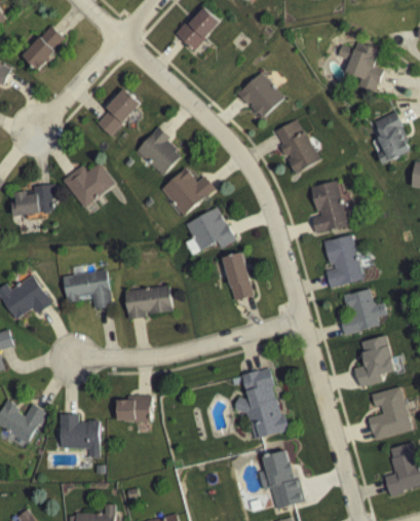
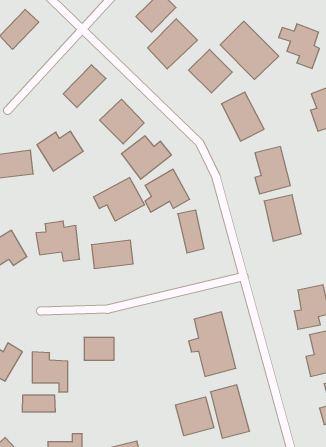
building: none -> [148,19,197,69]
building: none -> [220,21,279,79]
building: none -> [94,177,145,221]
building: [340,289,385,335] -> none
building: none -> [23,395,55,412]
building: none -> [176,397,214,436]

